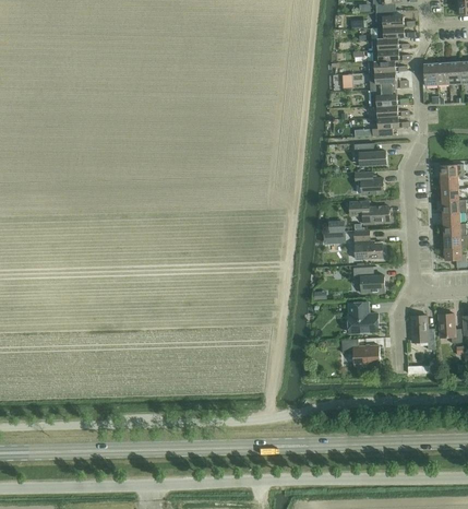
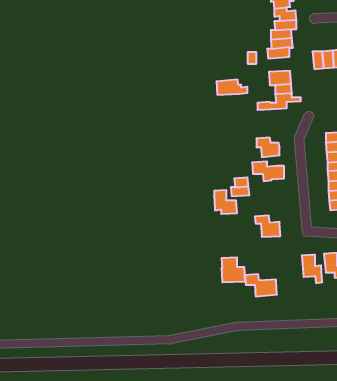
building: [369,71,407,90] -> [216,80,247,95]
building: [353,143,386,165] -> none
building: [353,229,382,259] -> [214,190,237,214]
building: [348,301,377,332] -> [221,257,245,282]

